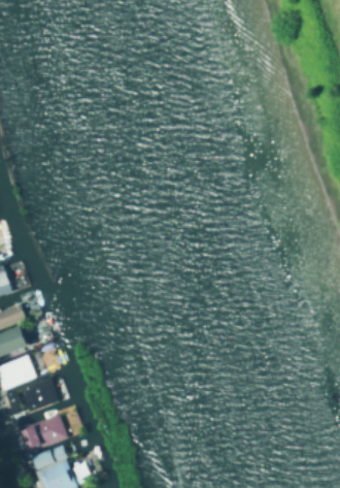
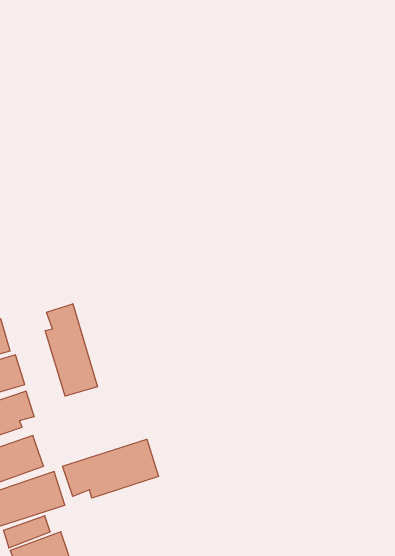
building: none -> [45,304,97,396]
building: none -> [62,439,158,498]

